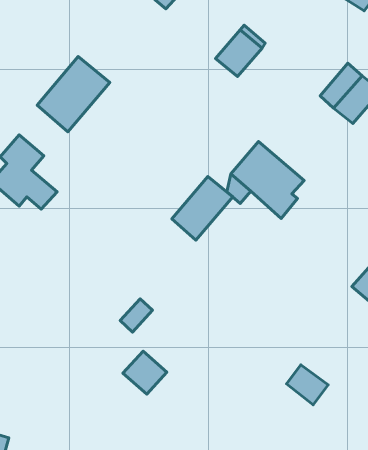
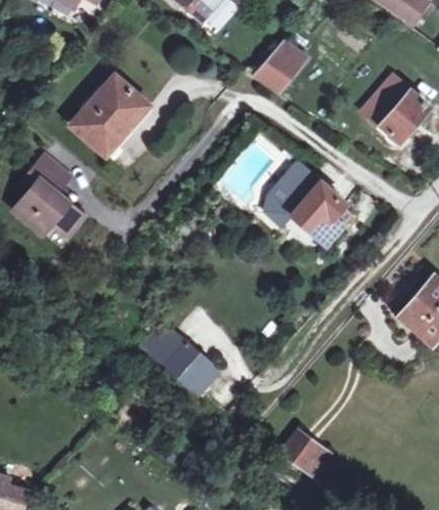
building: [172,177,233,240] -> none
building: [123,351,167,394] -> [165,345,212,391]
building: [286,365,328,405] -> [283,435,328,478]

